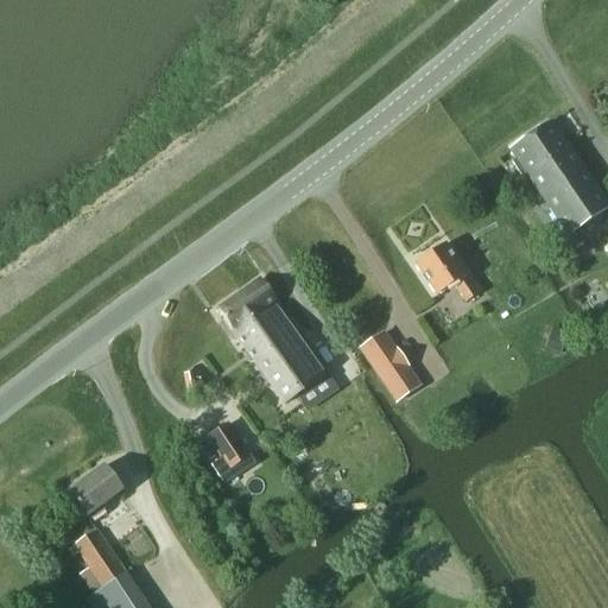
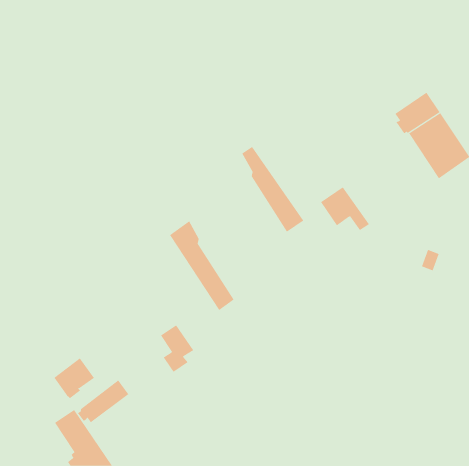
building: [246,276,327,387] -> [242,146,304,232]
building: [370,344,422,400] -> none
building: none -> [77,380,129,423]

